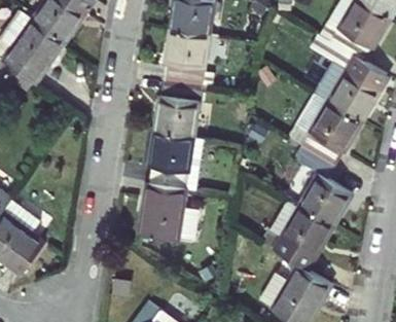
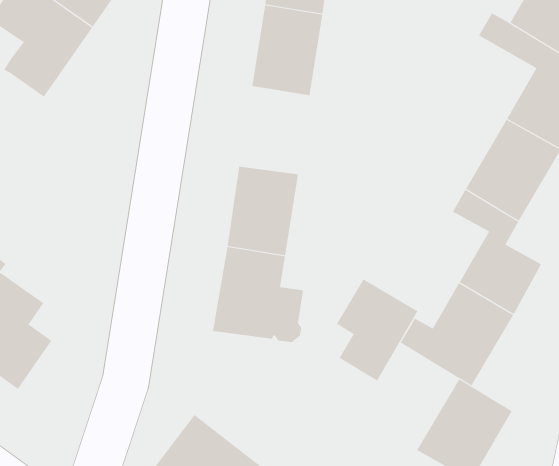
building: [157,80,203,136] -> none
building: none -> [336,279,418,382]

